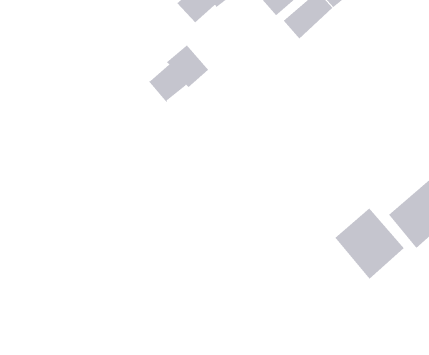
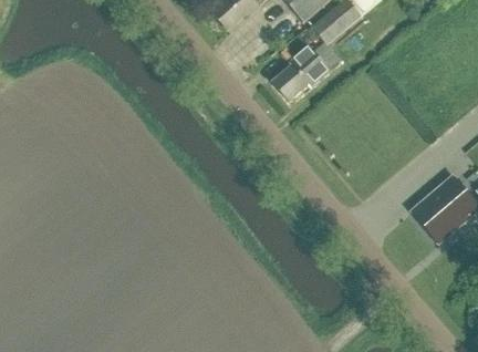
building: [148,45,210,103] -> [269,45,328,101]
building: [335,207,404,279] -> none

